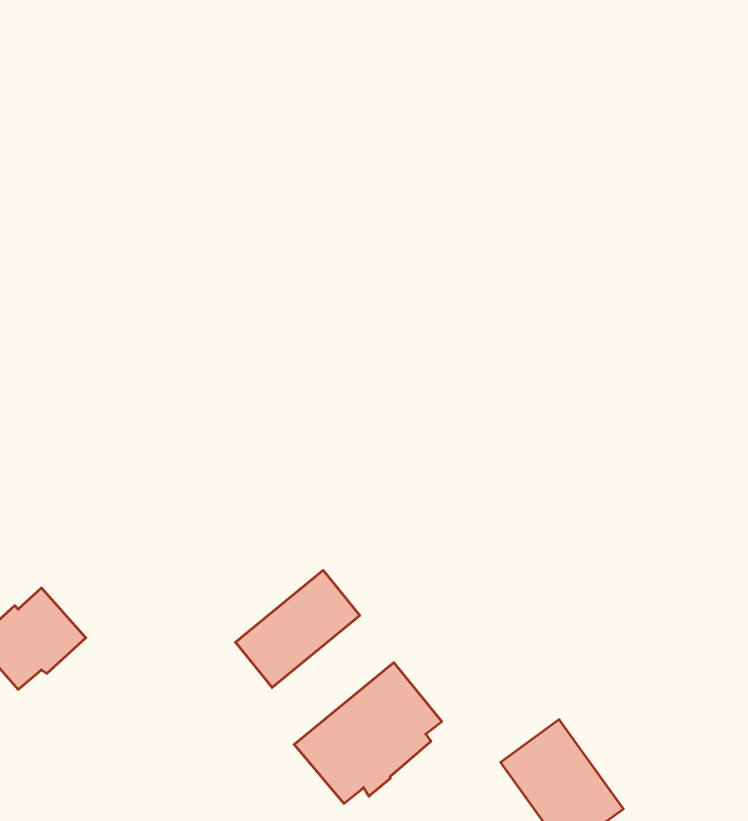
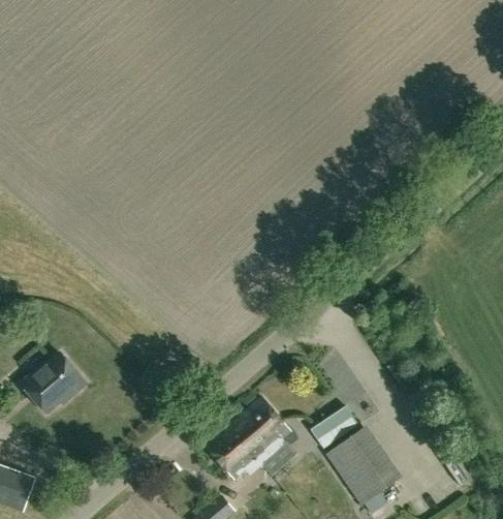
building: [235,570,360,688] -> none
building: none -> [313,408,359,450]

